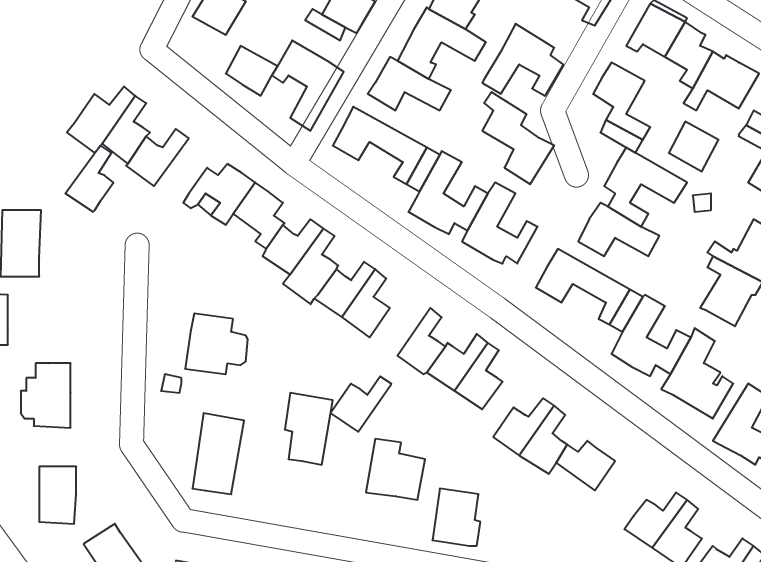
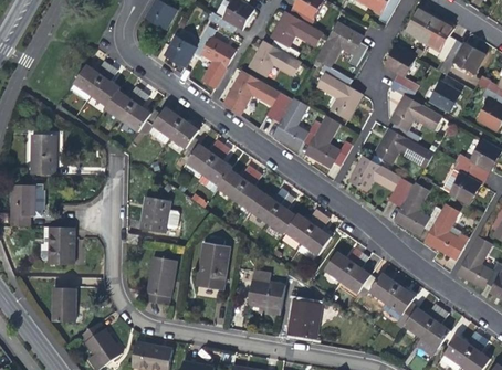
building: [65,146,113,212] -> [122,92,150,131]
building: [330,376,391,432] -> [251,189,287,222]
building: none -> [381,285,417,320]

